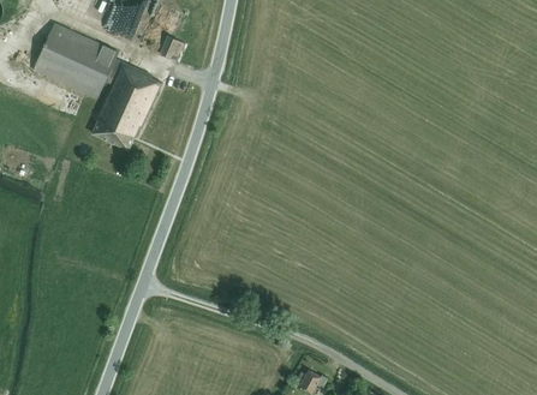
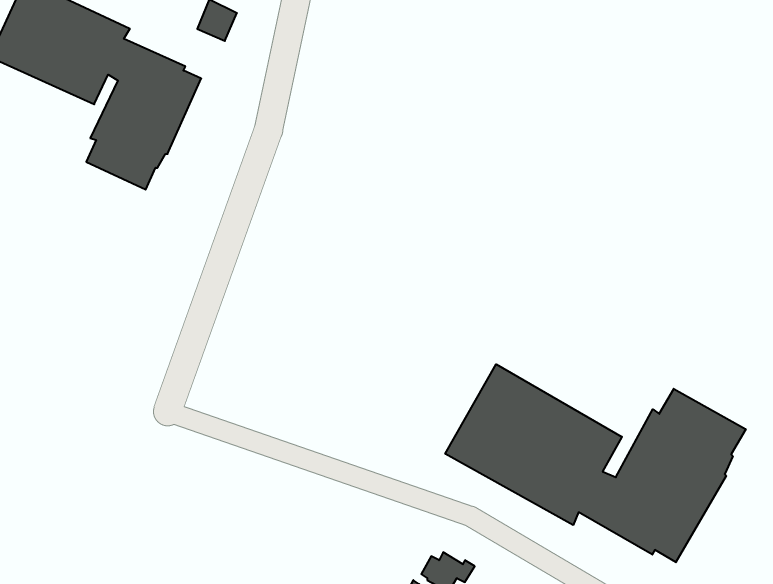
building: none -> [445,364,746,562]

